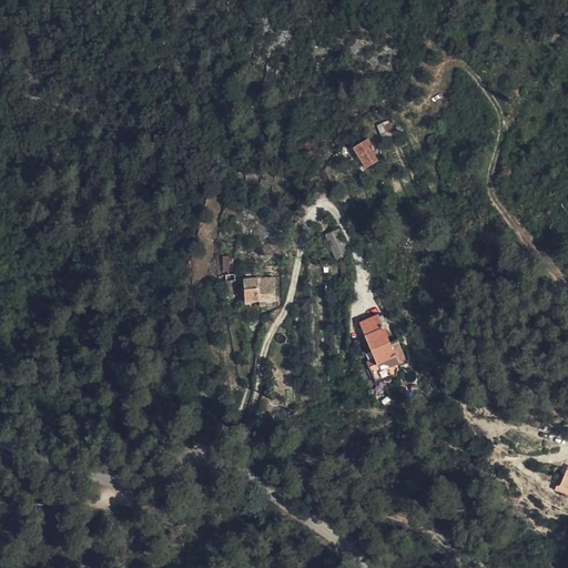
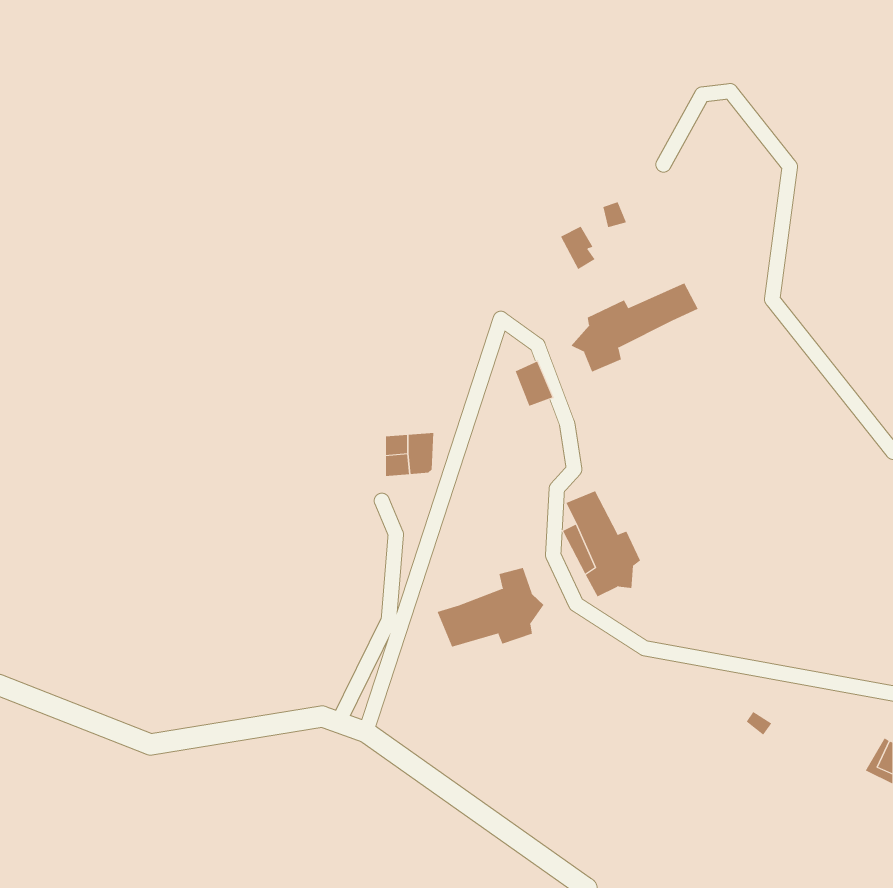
building: none -> [571,282,698,373]
building: none -> [437,567,544,647]

